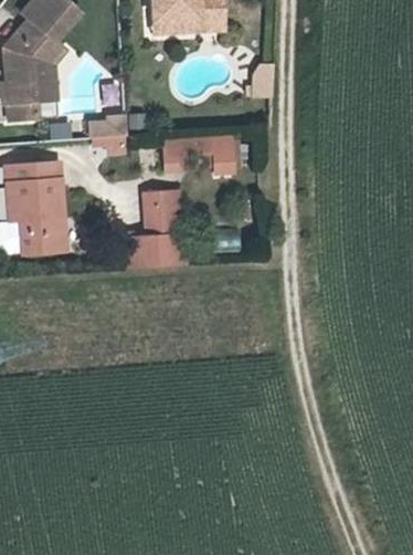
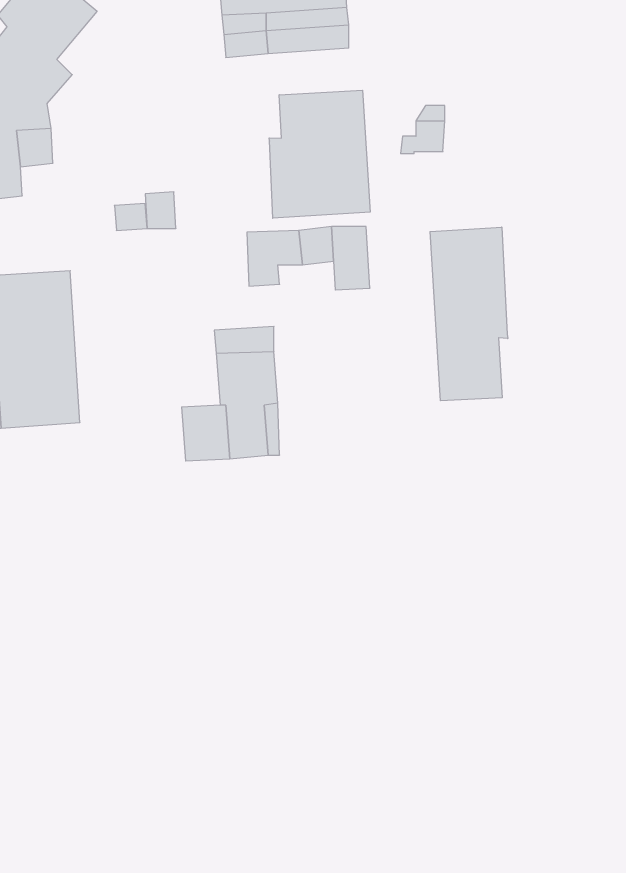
building: none -> [269,90,370,218]
building: none -> [430,227,508,401]

